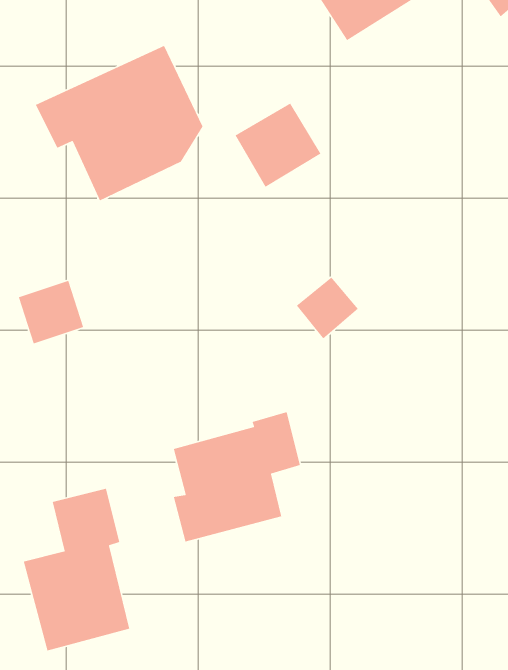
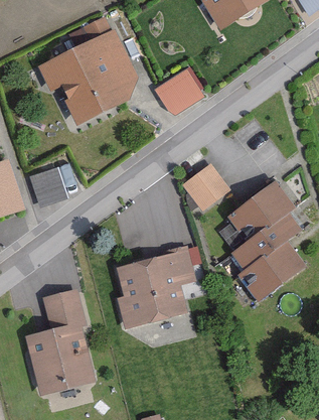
building: none -> [230,182,305,302]

